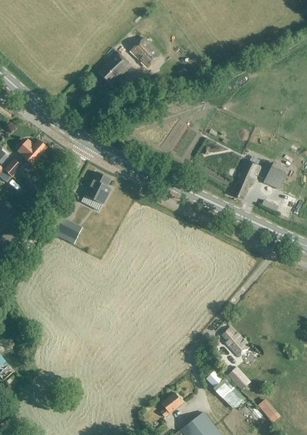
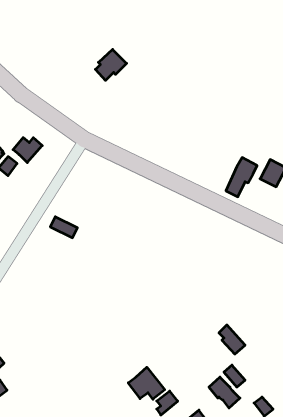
building: [131,38,161,67] -> none
building: [81,172,111,211] -> none
building: none -> [128,367,165,399]

